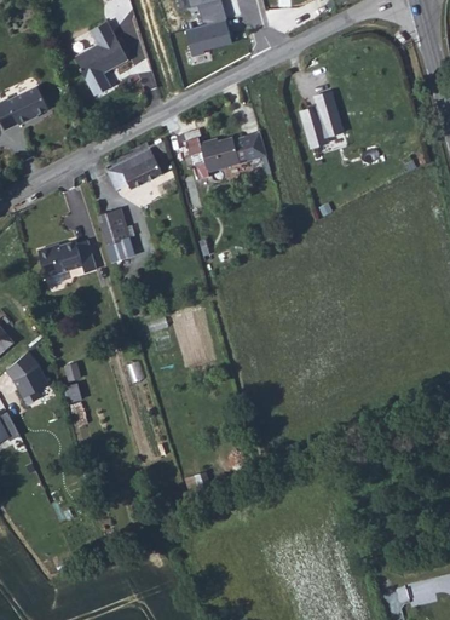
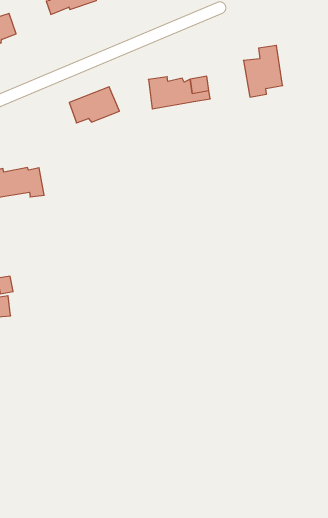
building: [106,209,143,263] -> none

